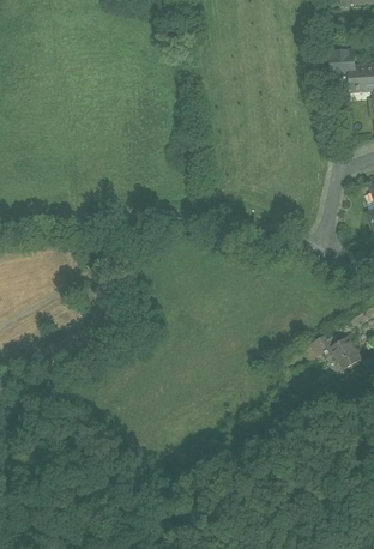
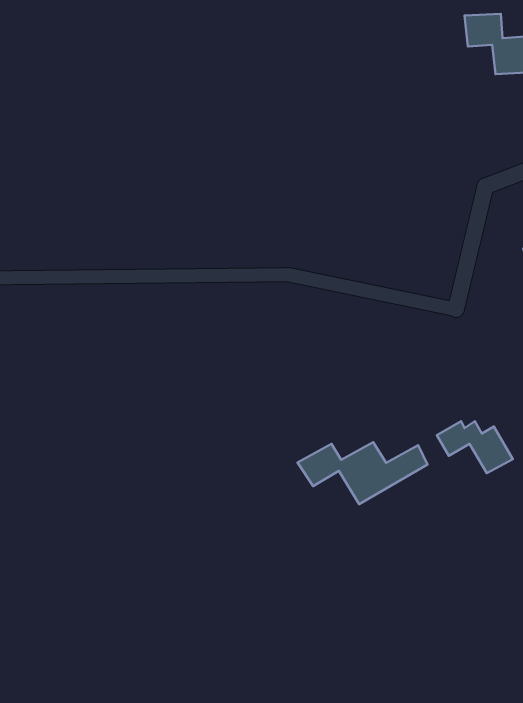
building: none -> [298,442,428,504]

